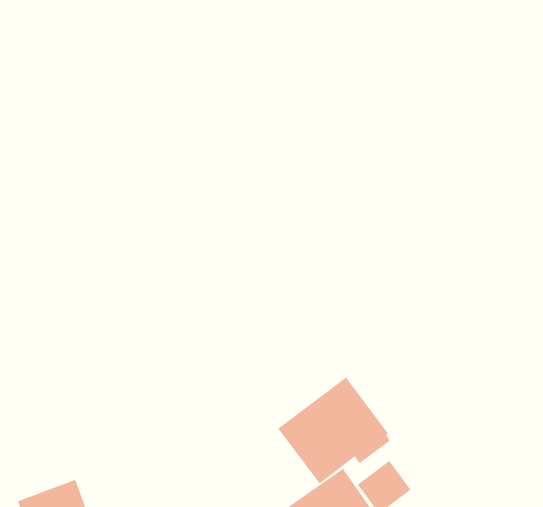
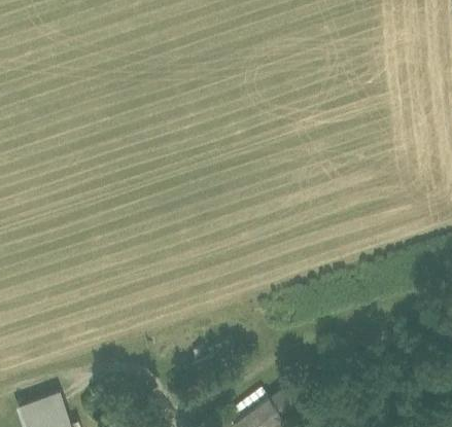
building: [277,377,391,485] -> none

